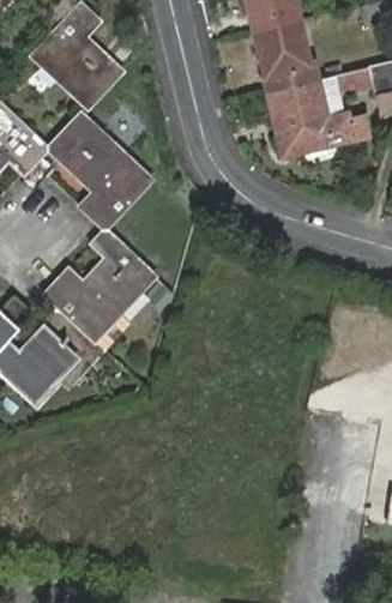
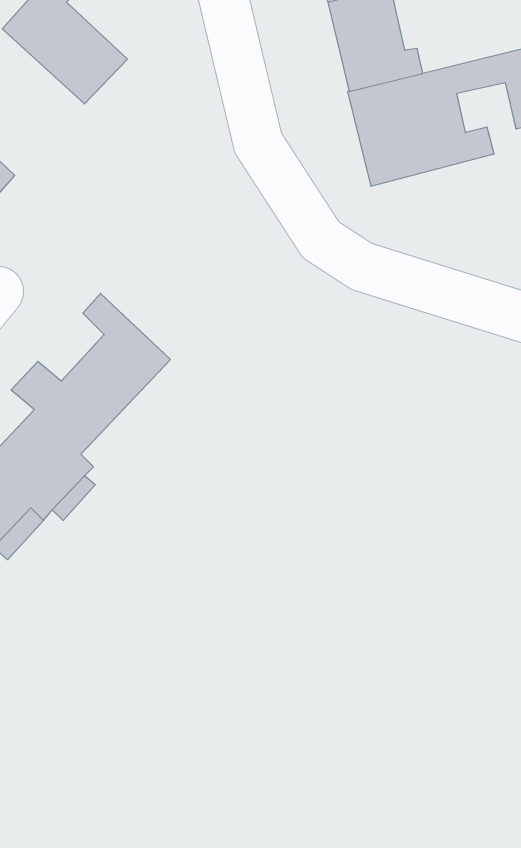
building: [46,115,146,228] -> none

